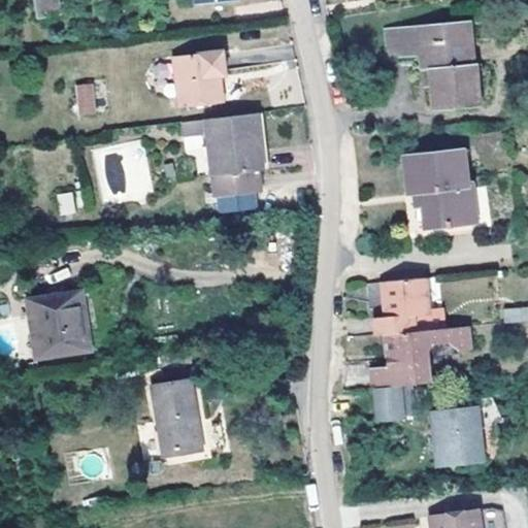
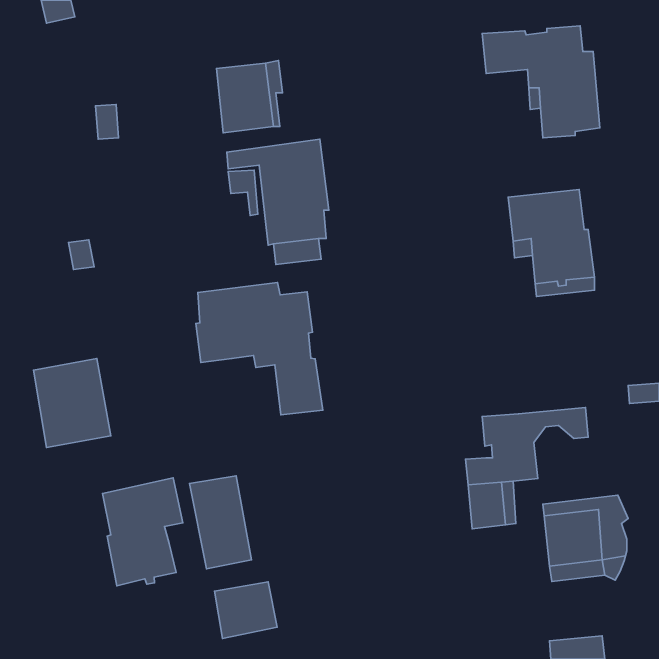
building: none -> [196,283,323,415]
building: [374,277,429,334] -> none
building: none -> [102,478,183,586]
building: none -> [214,582,277,638]

